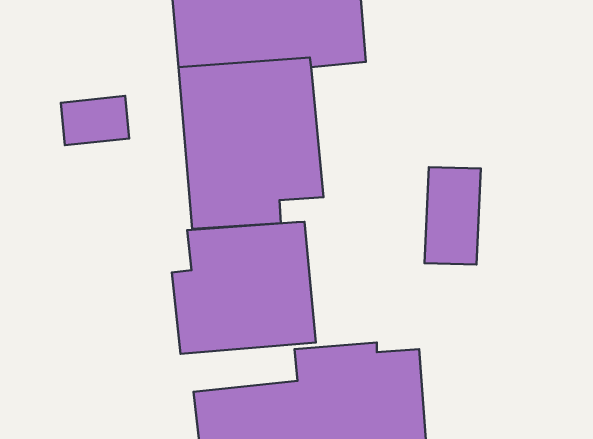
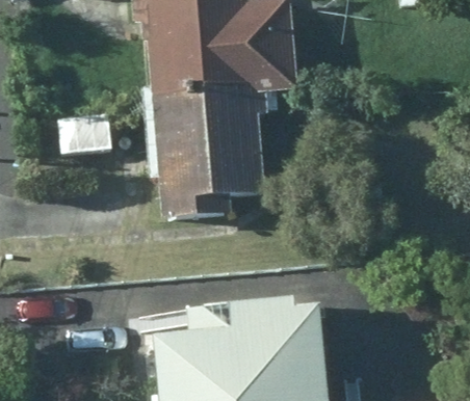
building: [172,222,316,354] -> none

